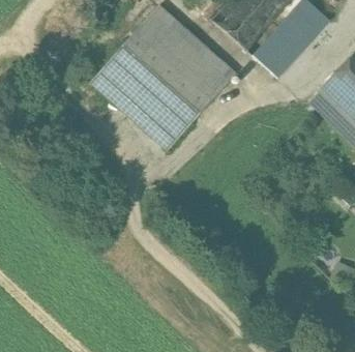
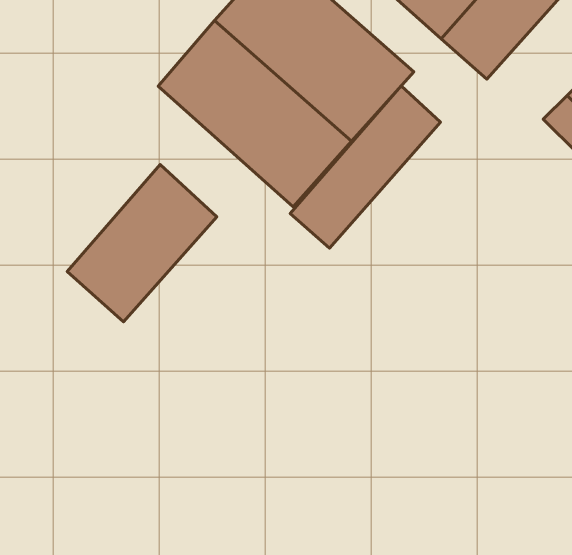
building: none -> [290,86,441,248]
building: none -> [67,165,217,322]

